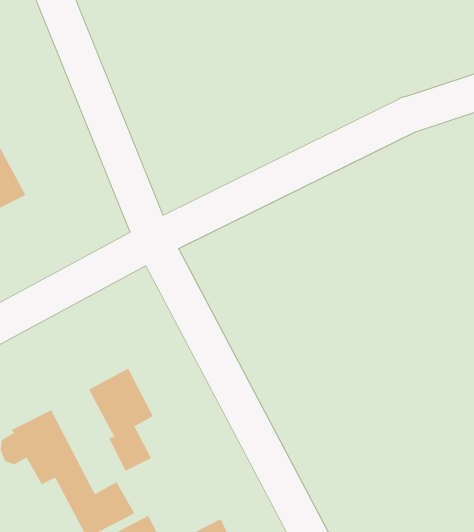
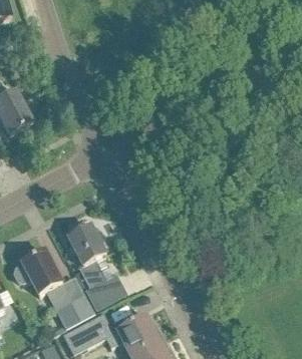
building: none -> [85,272,126,308]

